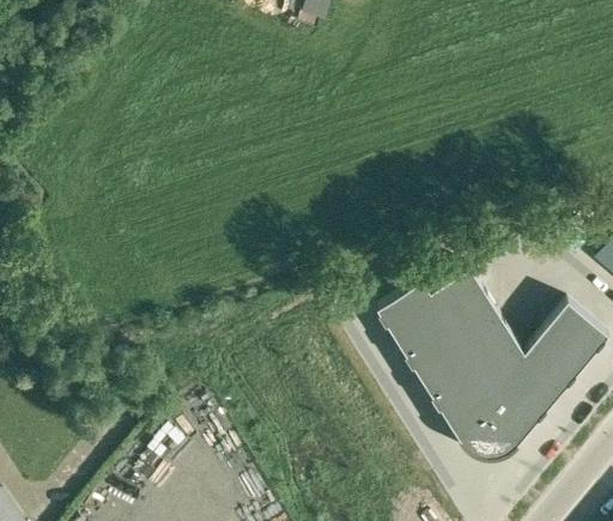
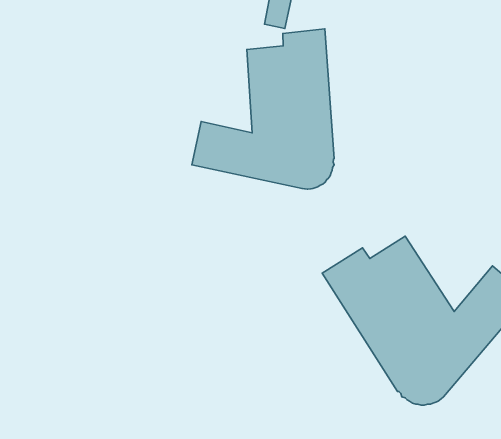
building: none -> [192,29,334,189]

